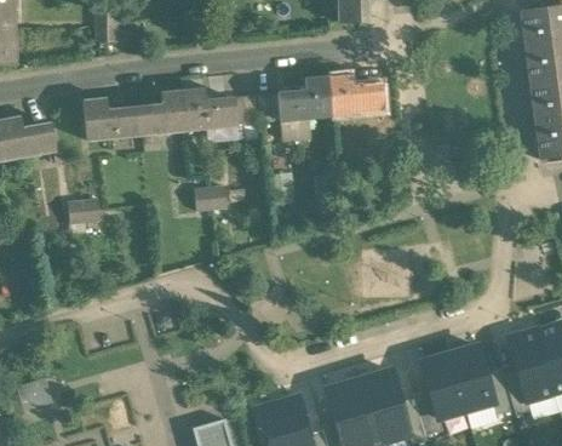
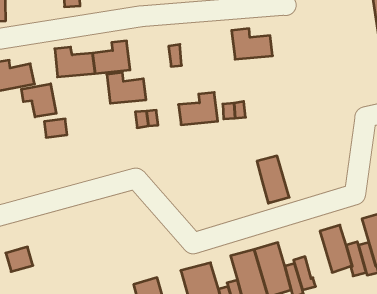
building: [277,76,332,121] -> [178,92,218,125]
building: [182,88,236,131] -> [107,73,146,103]
building: none -> [21,84,56,117]
building: [422,354,466,419] -> [257,156,289,203]

